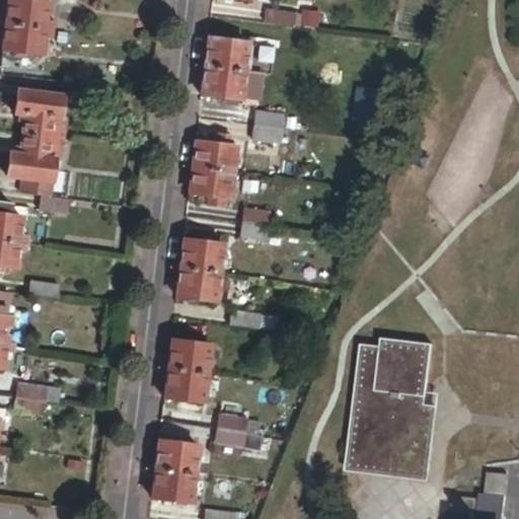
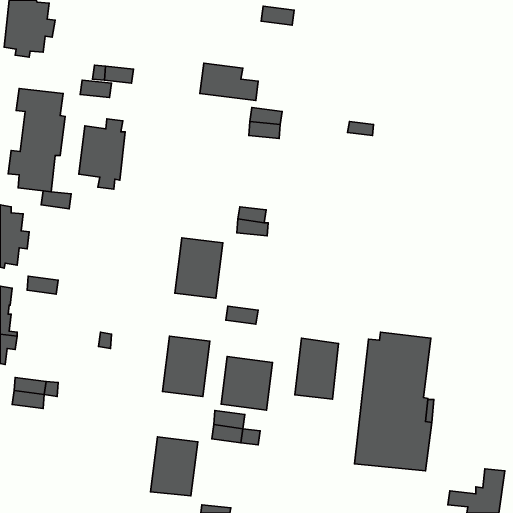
building: [206,38,248,69] -> none
building: [190,135,236,206] -> [79,119,125,189]
building: none -> [295,338,339,399]
building: none -> [221,356,273,410]

